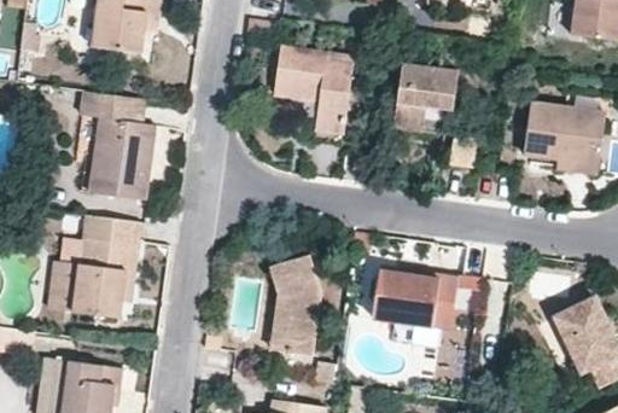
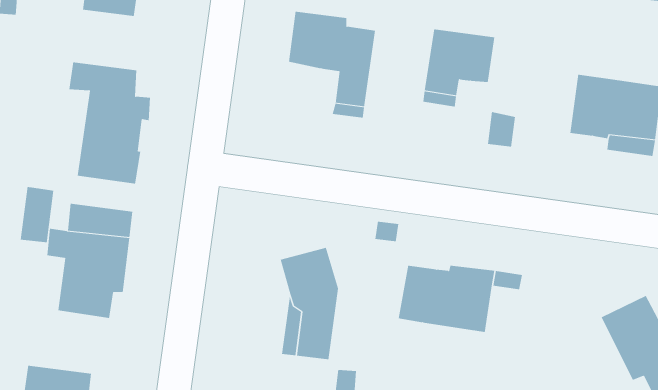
building: [49,261,80,310] -> [20,186,54,243]

